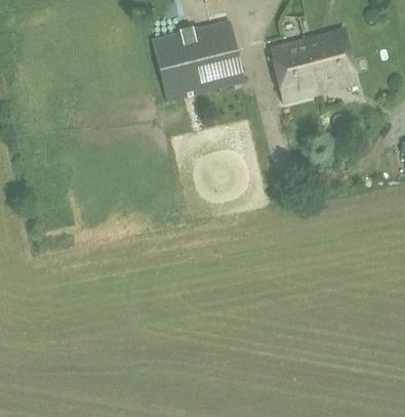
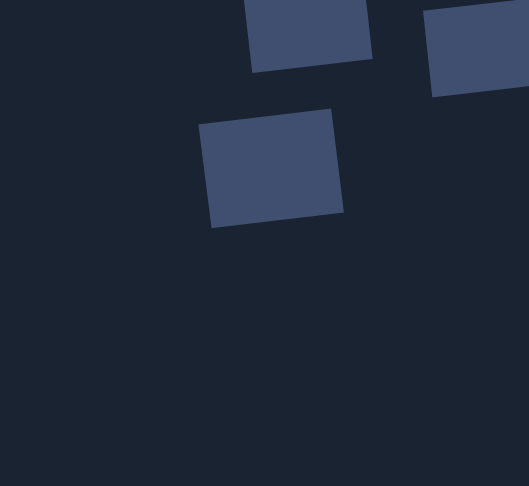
building: none -> [198,108,345,229]

